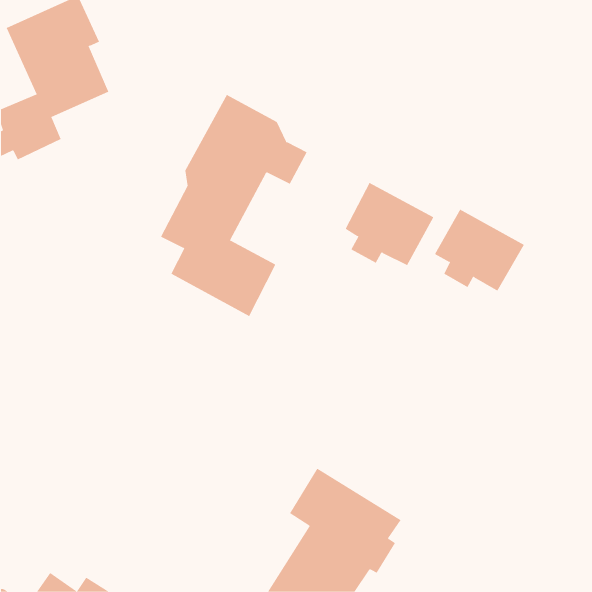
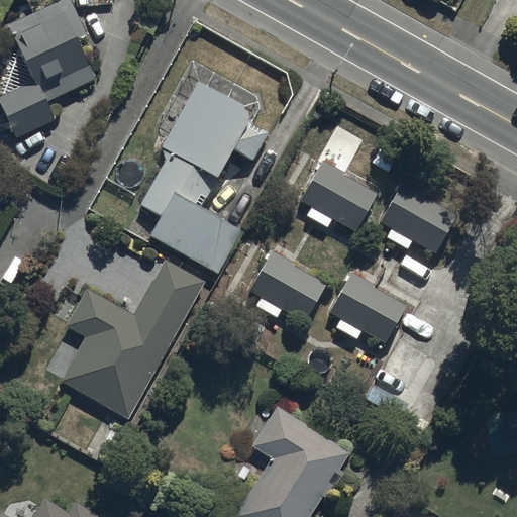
building: none -> [248,250,327,322]
building: none -> [61,260,205,420]
building: none -> [328,273,407,342]

